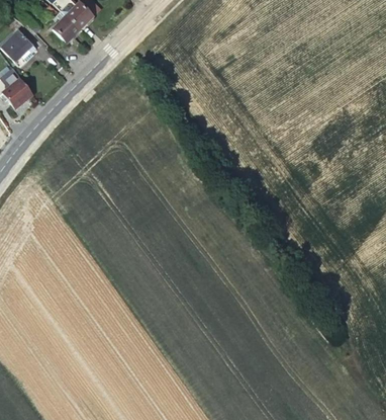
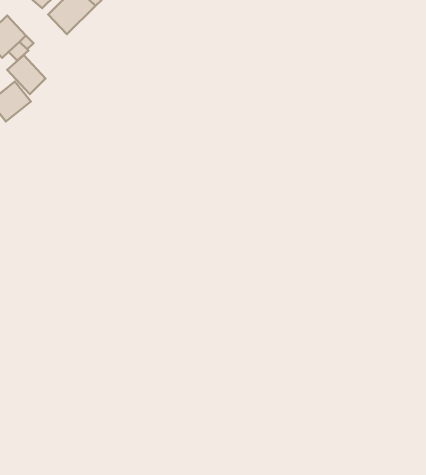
building: none -> [7,55,46,94]

